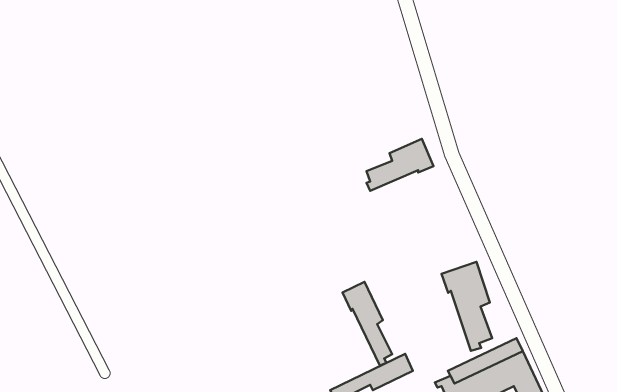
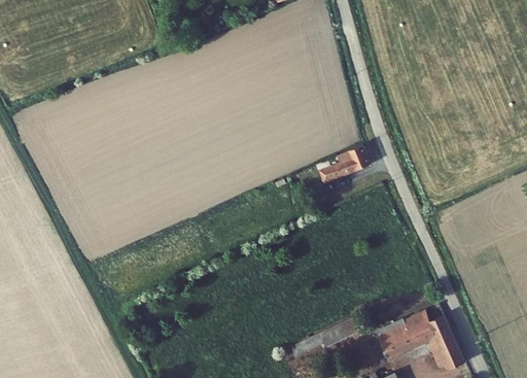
building: [442,262,492,351] -> none
building: [342,282,392,365] -> none

